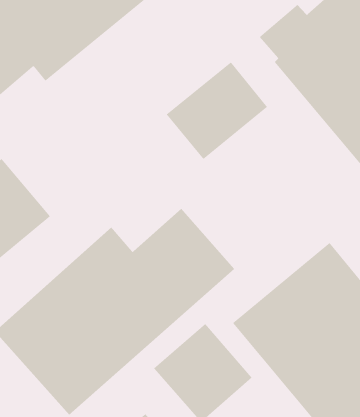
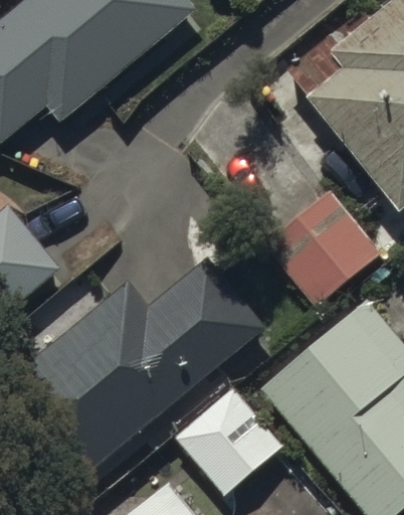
building: [166,61,268,160] -> none
building: none -> [266,190,382,305]

